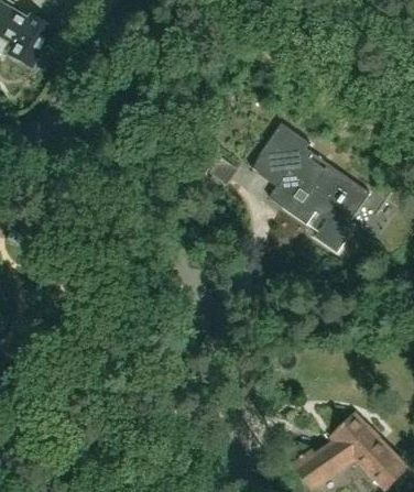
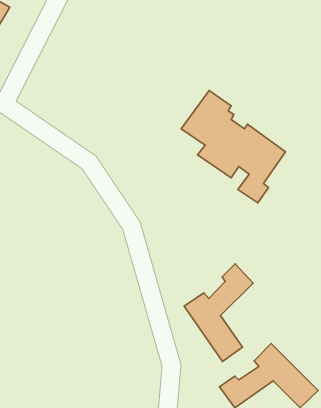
building: none -> [184,264,253,362]

